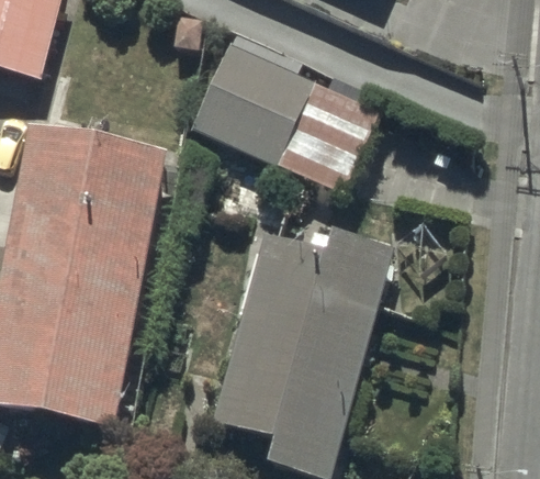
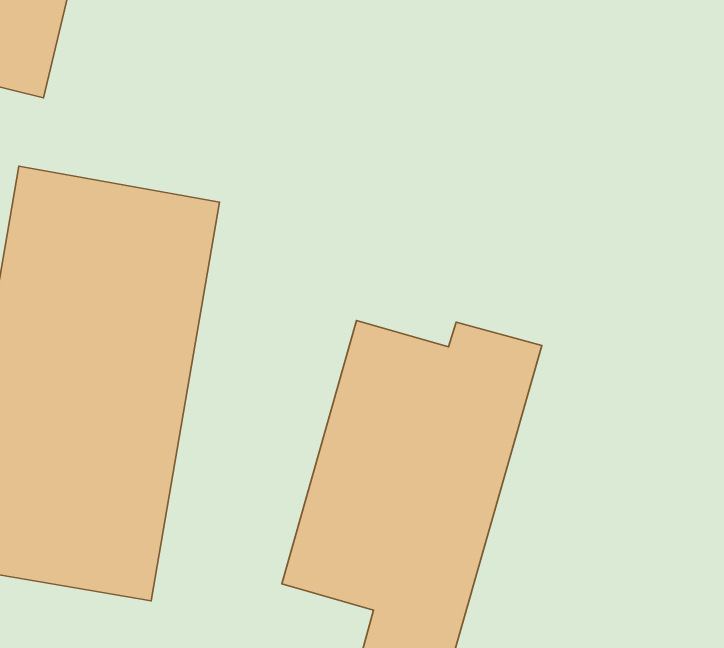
building: [189,35,376,201] -> none

